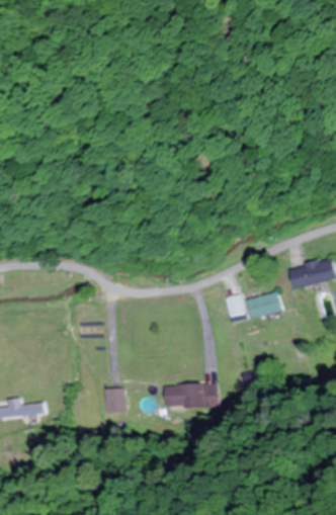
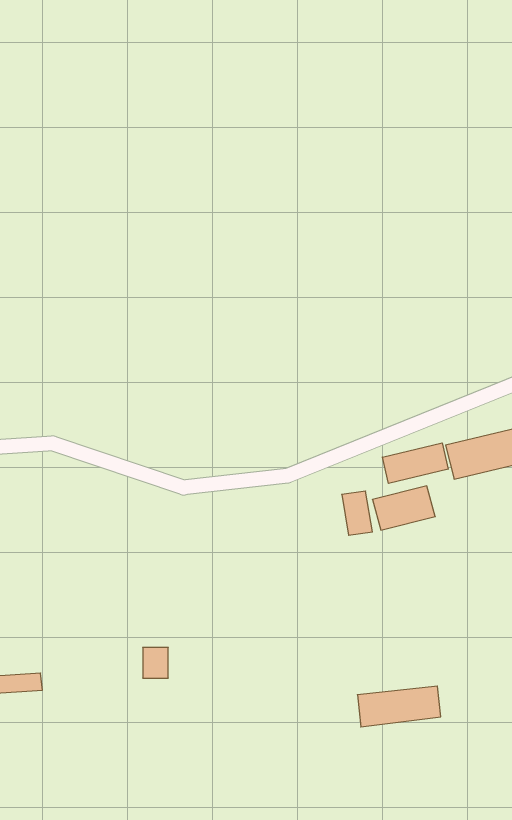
building: none -> [382,443,448,483]
building: [165,381,215,406] -> [357,686,441,727]

